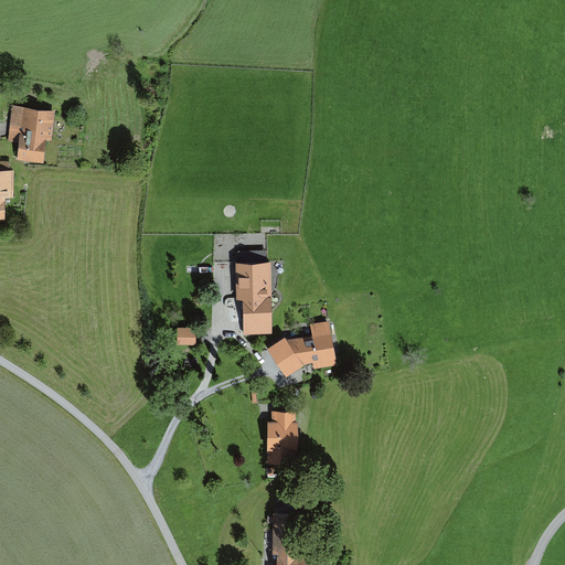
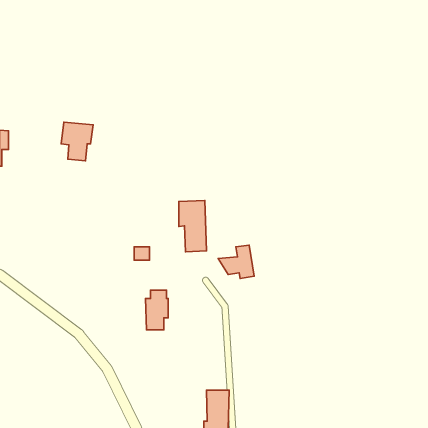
building: [10,110,52,161] -> [61,122,93,161]
building: [267,338,301,375] -> none
building: [265,412,295,463] -> [146,290,168,330]

